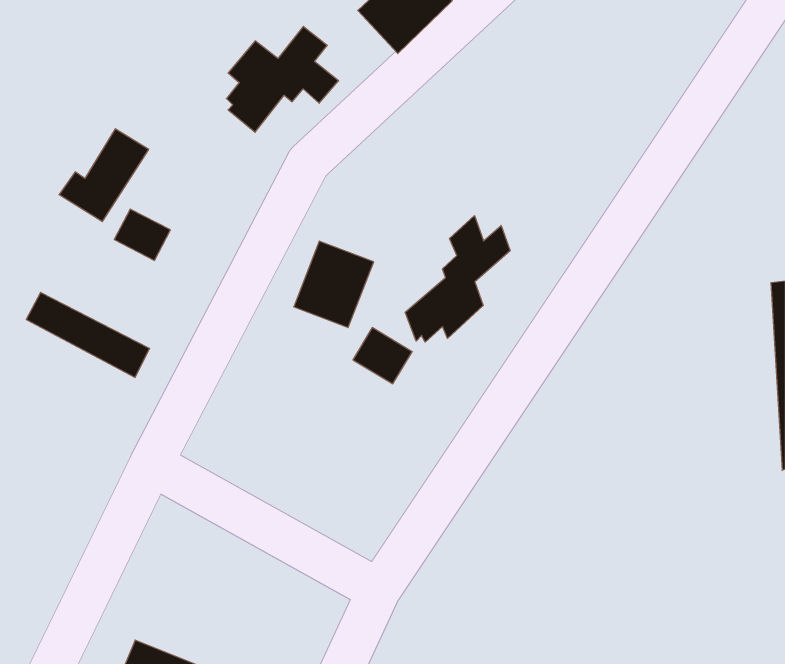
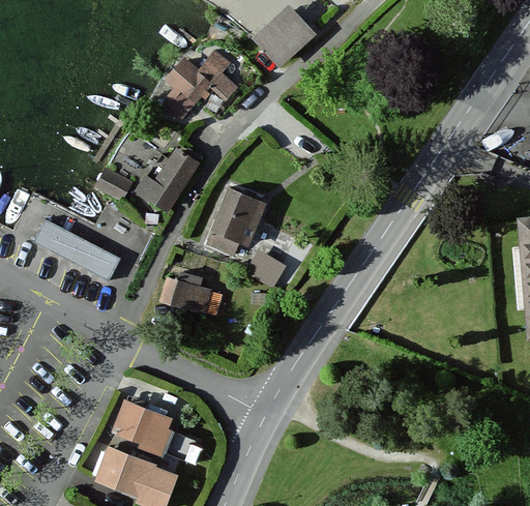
building: [59,129,149,222] -> [140,149,198,209]
building: [405,216,510,342] -> none
building: none -> [159,276,212,314]
building: none -> [114,400,172,448]

